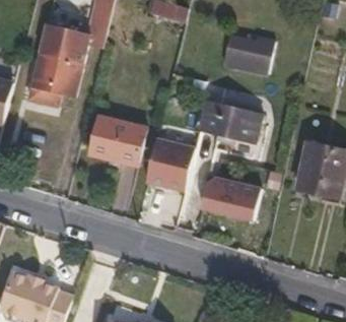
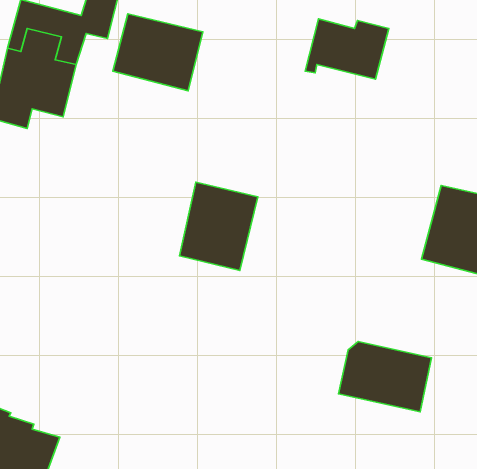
building: [199,100,263,143] -> none
building: [89,116,145,164] -> [113,14,203,91]
building: [202,175,260,218] -> [338,342,432,412]

